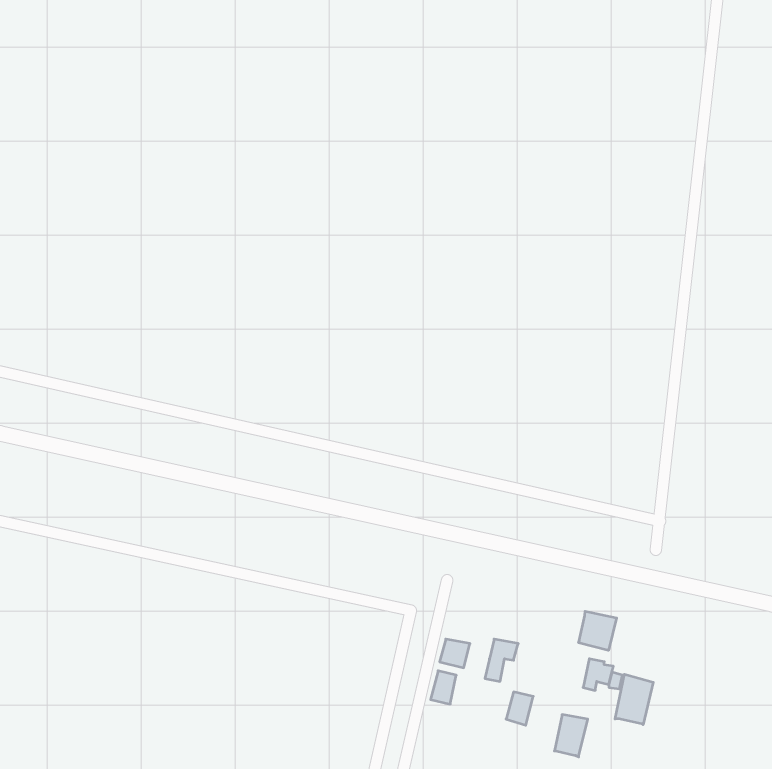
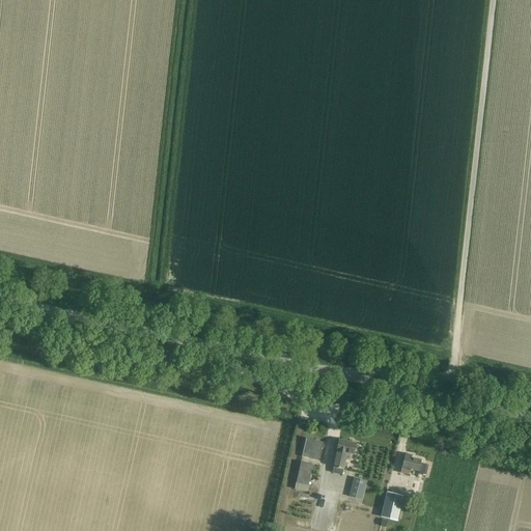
building: [579,611,617,650] -> none
building: [615,674,653,725] -> none

